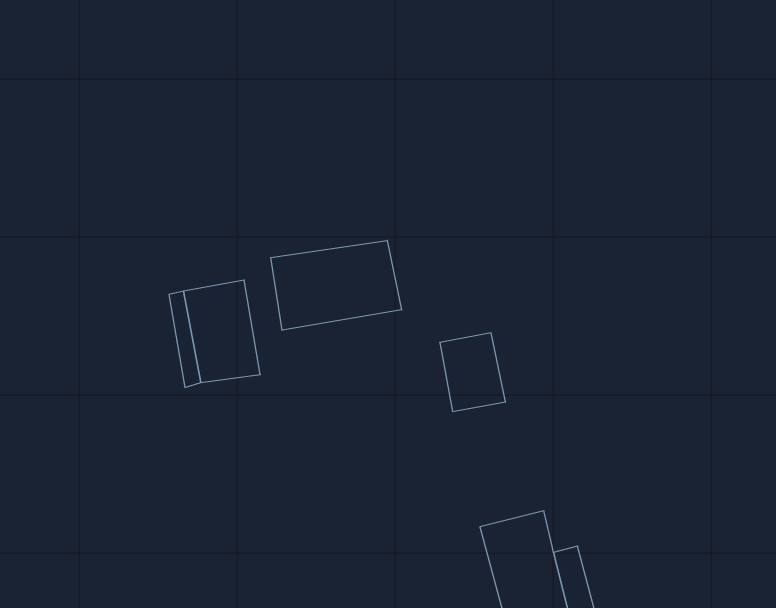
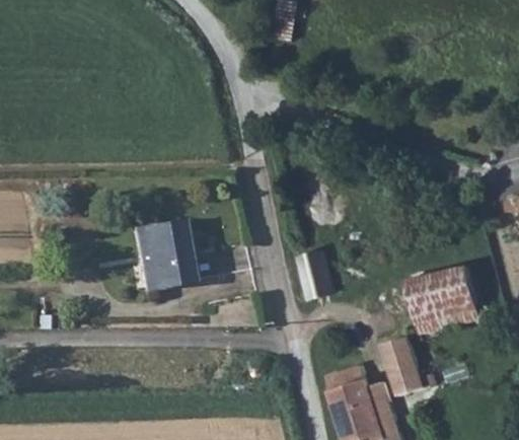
building: [271,240,402,330] -> none
building: none -> [416,269,481,326]
building: none -> [388,328,424,384]

